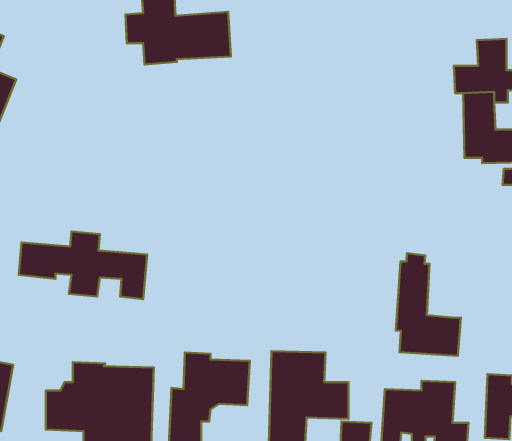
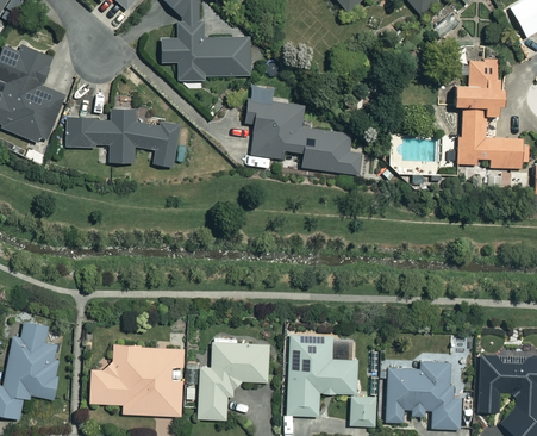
building: none -> [245,98,362,174]
building: [19,232,147,299] -> [64,106,177,166]
building: [396,253,461,356] -> none

